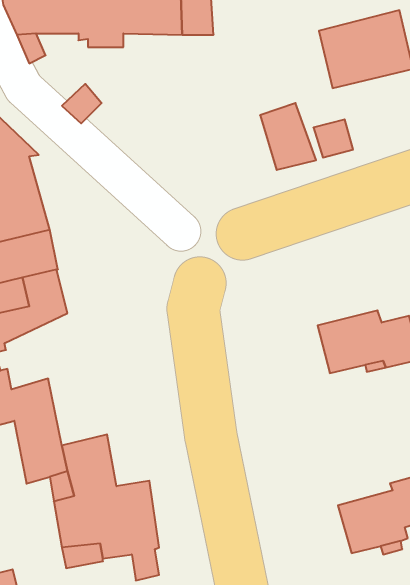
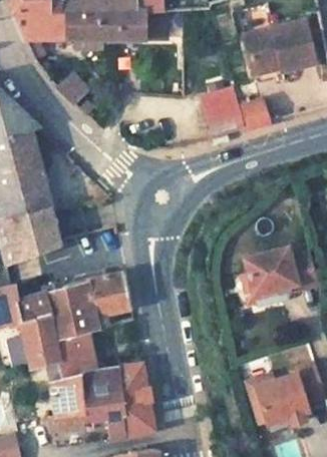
building: none -> [45,273,132,342]
building: none -> [119,364,155,437]

